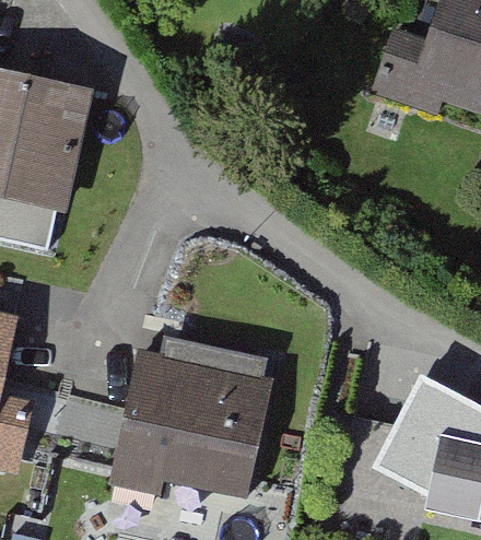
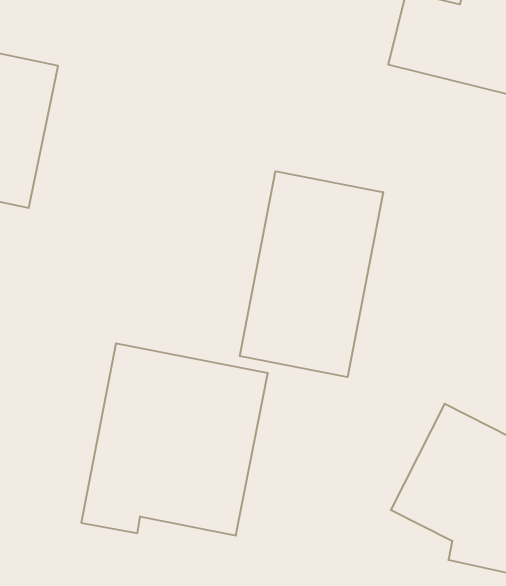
building: none -> [240,171,383,377]

